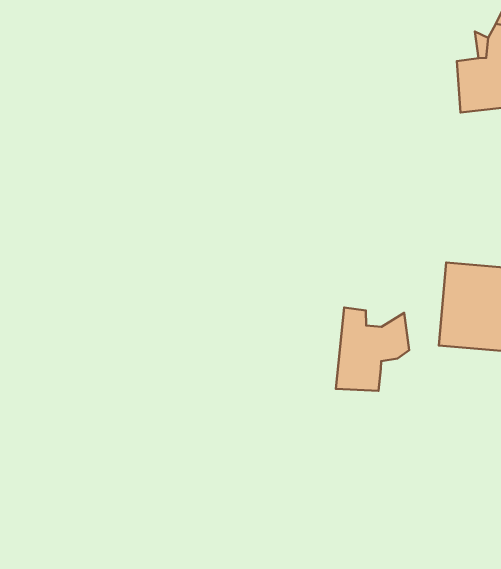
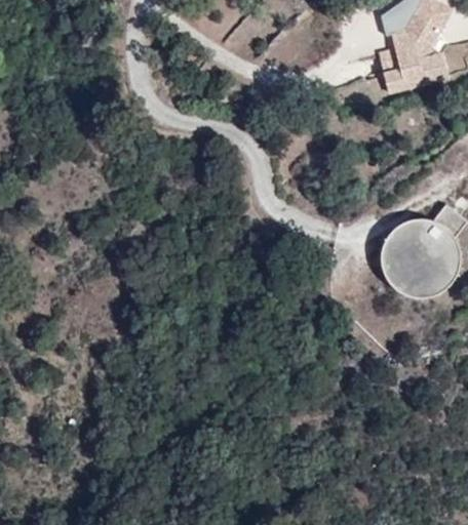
building: [336,308,409,391] -> none

